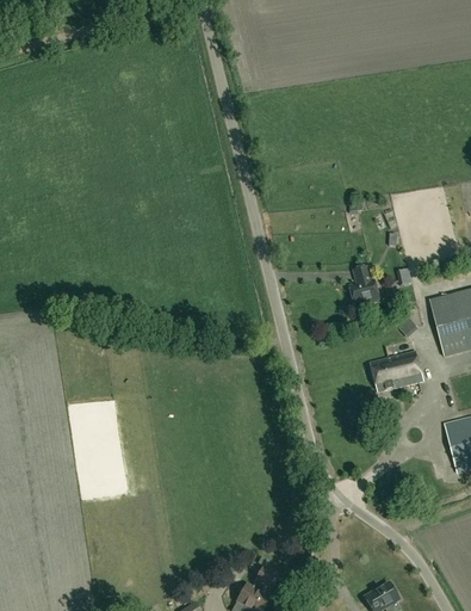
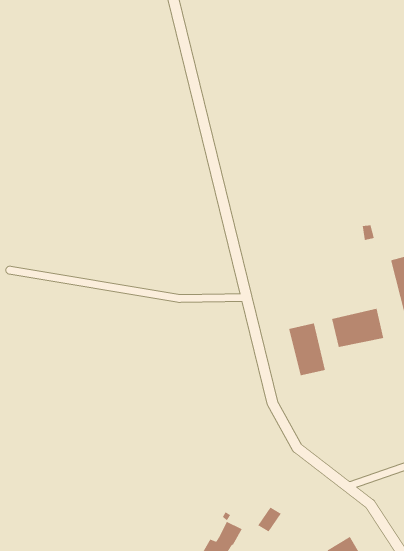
building: [349,266,378,304] -> none
building: none -> [288,322,326,376]

